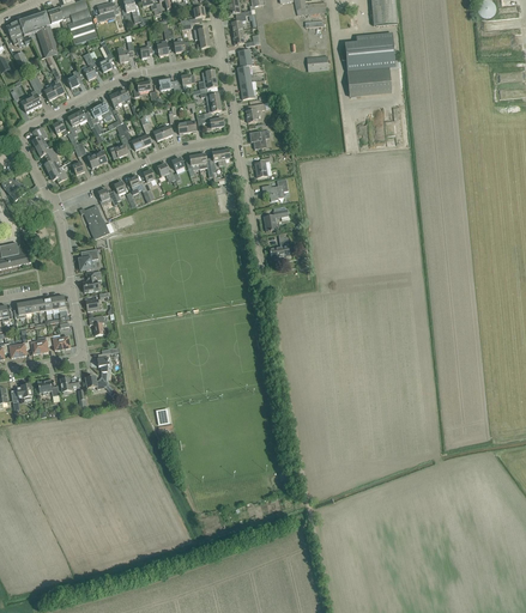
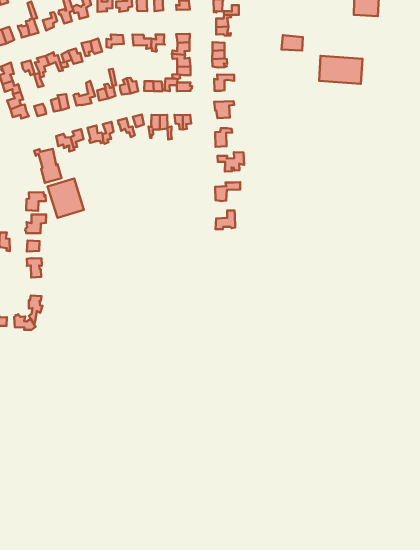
building: [345,38,395,65] -> none
building: none -> [48,178,84,218]

